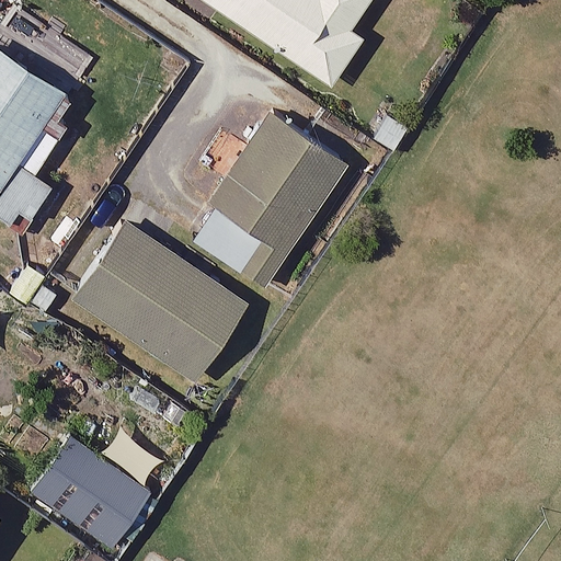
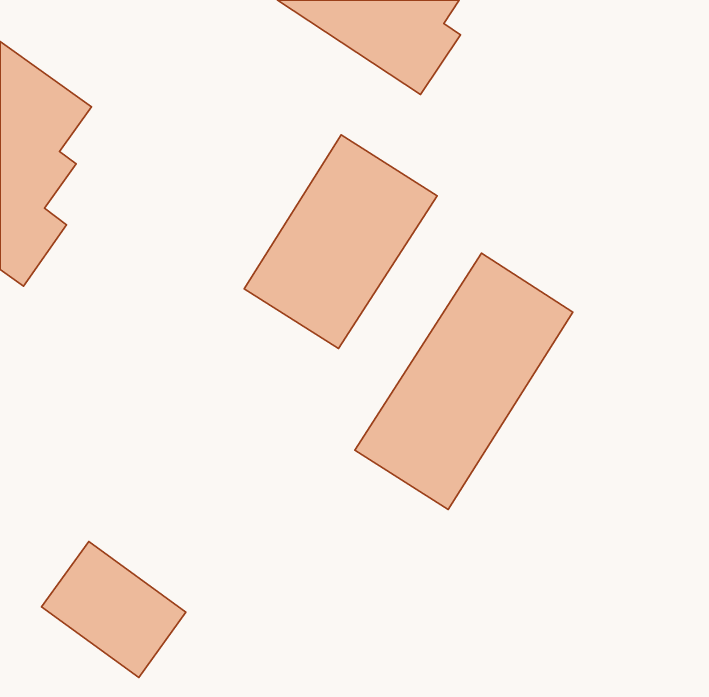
building: none -> [355,253,573,510]
building: [75,222,247,380] -> none

